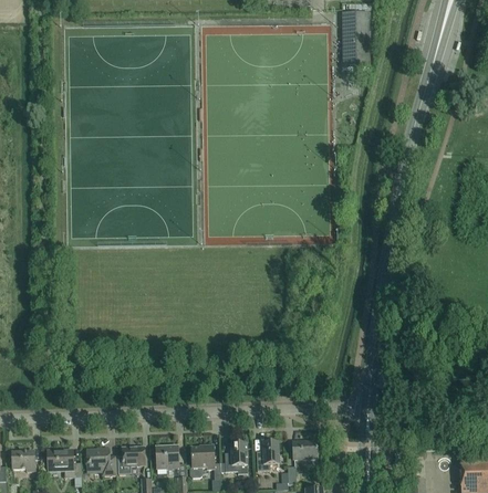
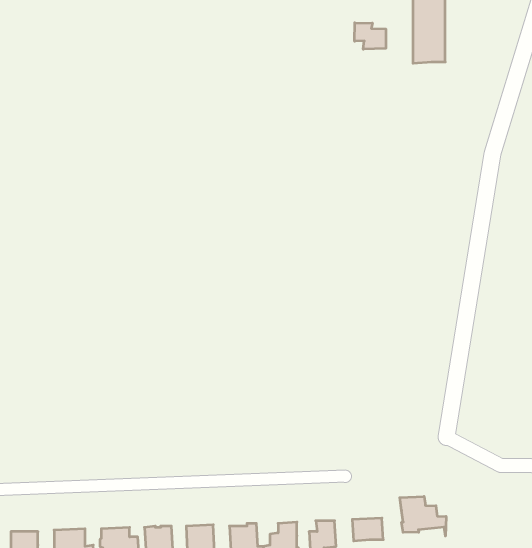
building: none -> [355,23,386,49]
building: none -> [400,496,446,536]

